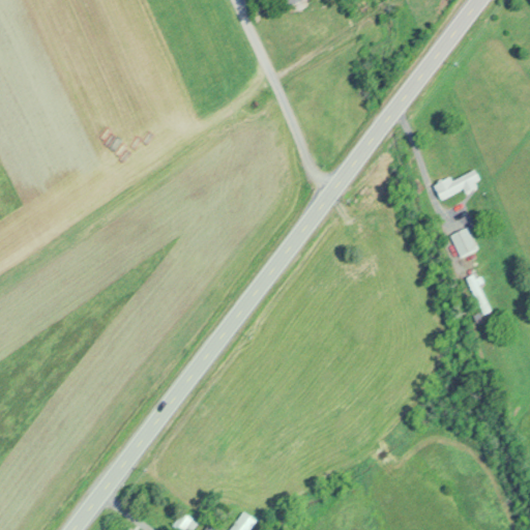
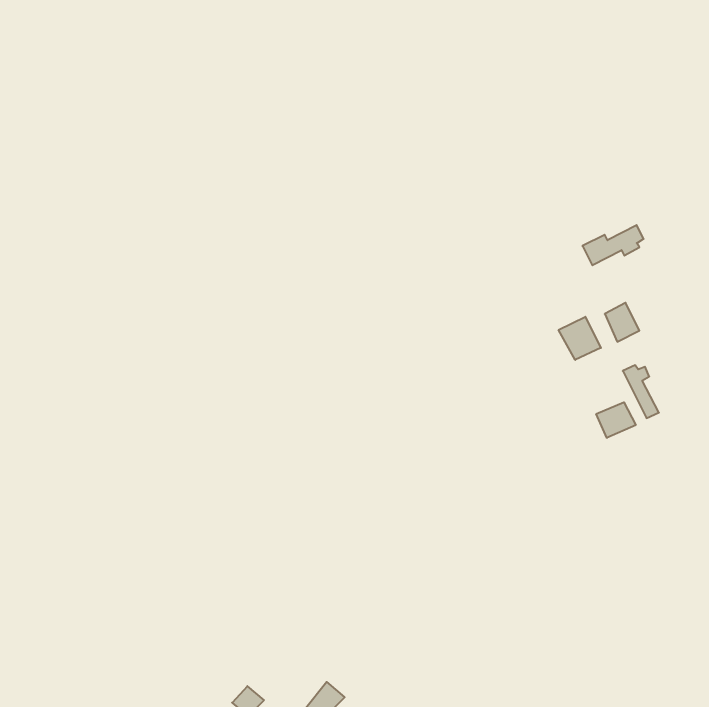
building: none -> [559,317,601,360]
building: none -> [596,402,636,438]

